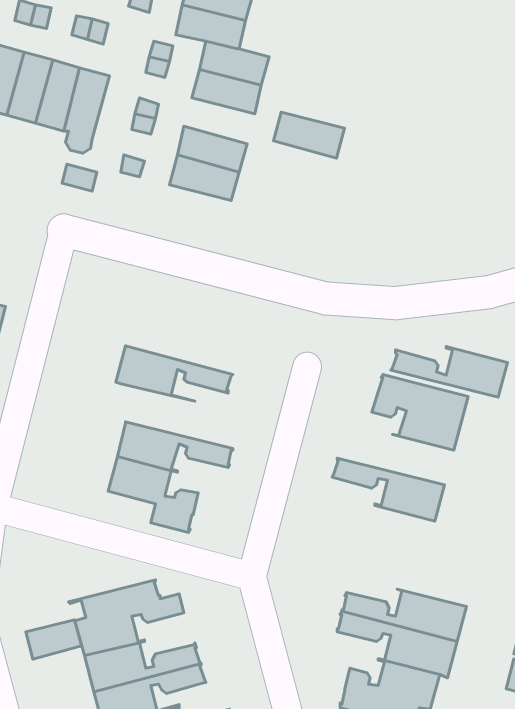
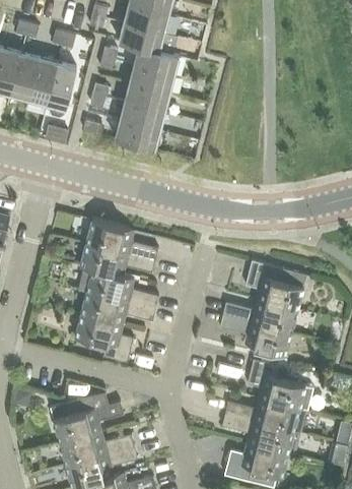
building: [273,112,344,158] -> [124,82,169,112]
building: none -> [86,220,158,260]
building: [391,347,508,397] -> [222,299,297,331]
building: none -> [77,266,158,308]
building: none -> [247,359,312,410]
building: [26,620,82,659] -> none

